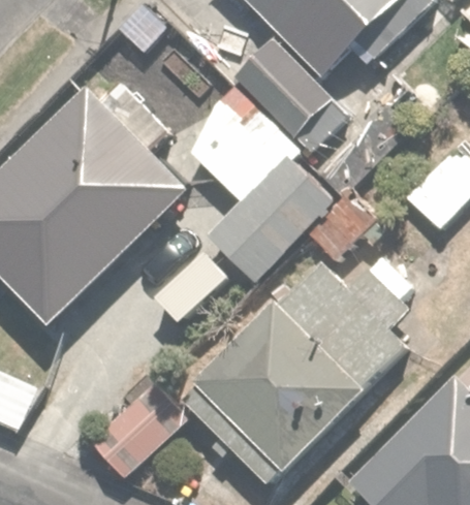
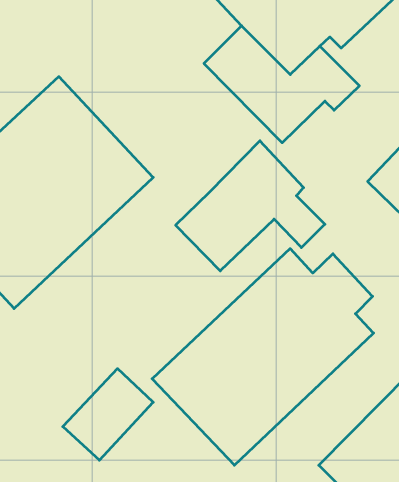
building: [187,86,292,204] -> none

